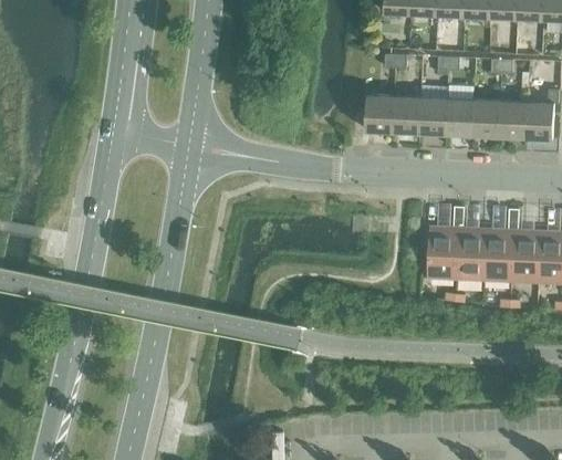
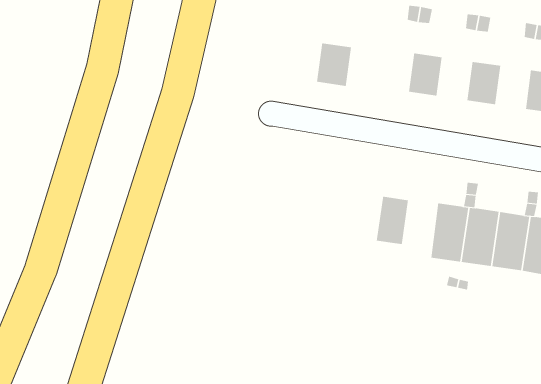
building: [365,95,394,132] -> [316,43,352,86]
building: [419,97,447,134] -> none
building: [472,100,500,136] -> none
building: none -> [376,196,408,245]

